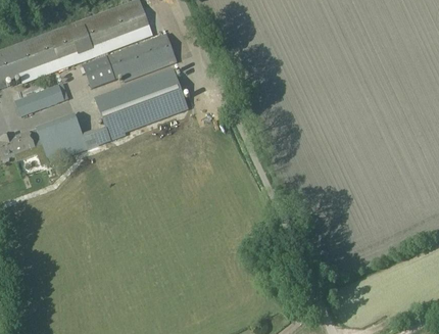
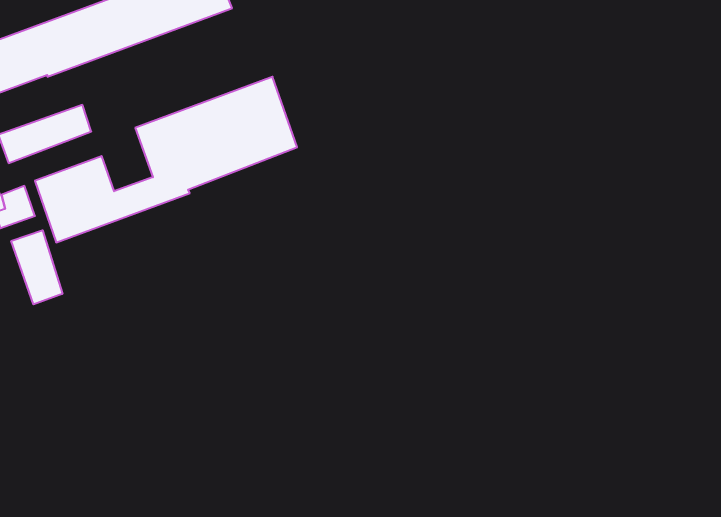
building: [82,33,177,88] -> none
building: none -> [11,230,62,304]

